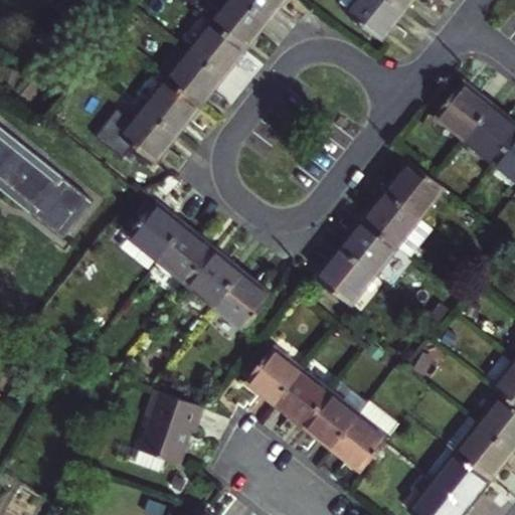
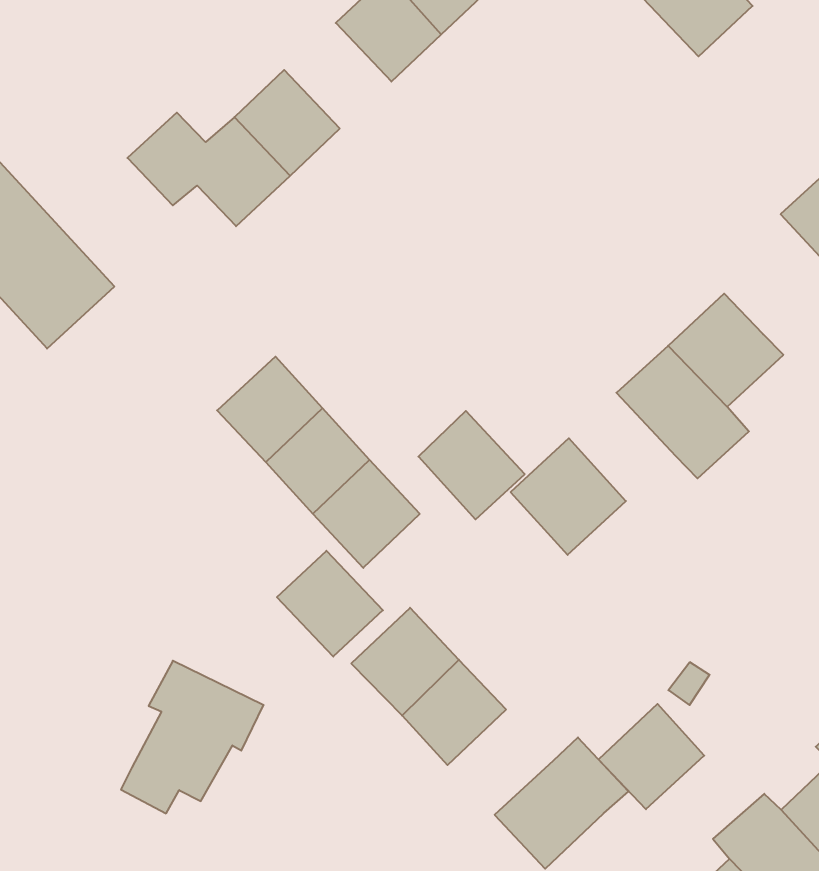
building: [166,50,222,105] -> none
building: [126,202,183,260] -> none
building: [341,220,397,276] -> [418,411,525,519]
building: none -> [277,551,383,657]
building: [303,392,357,448] -> [599,704,704,809]

